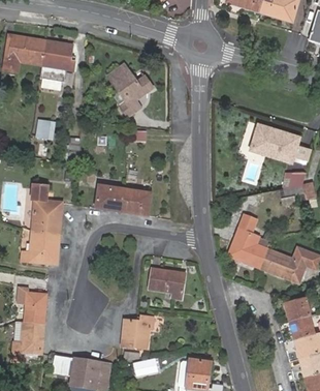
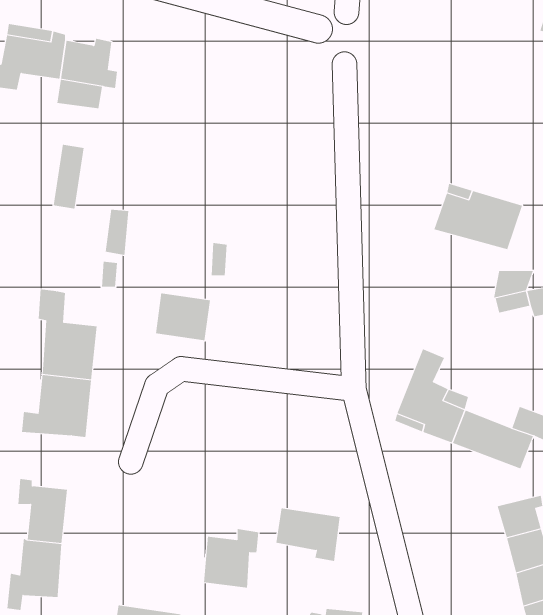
building: [107,64,152,117] -> none
building: [123,188,151,215] -> none
building: [149,269,185,299] -> [275,508,340,562]

